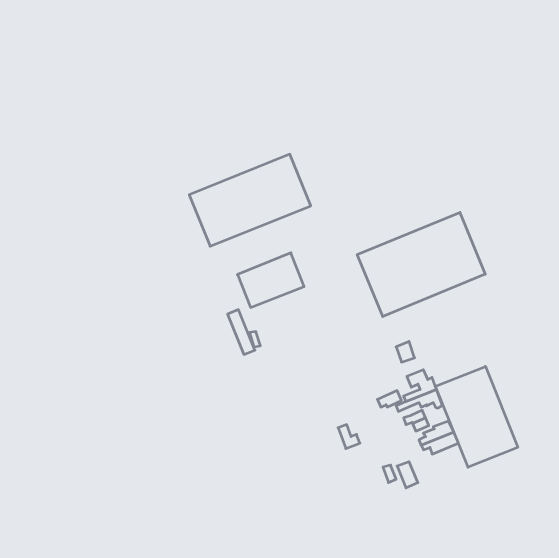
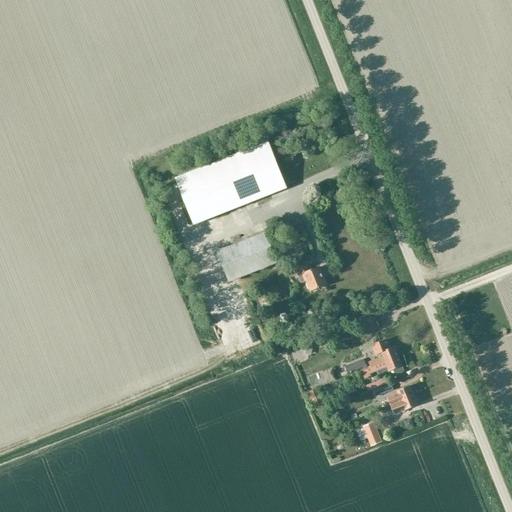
building: [357,212,485,317] -> none
building: none -> [296,265,327,291]
building: [436,366,518,467] -> none

